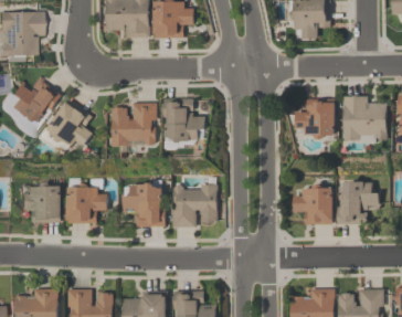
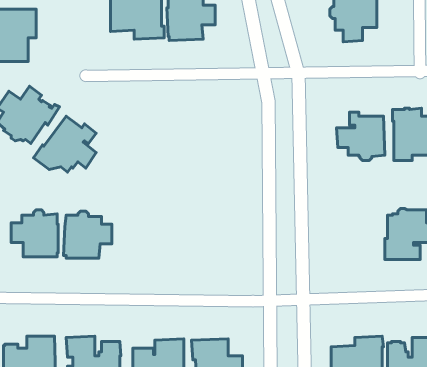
building: [163,98,207,142] -> none
building: [113,102,157,145] -> none
building: [123,182,165,225] -> none
building: [171,183,216,226] -> none
building: [293,183,332,223] -> none

